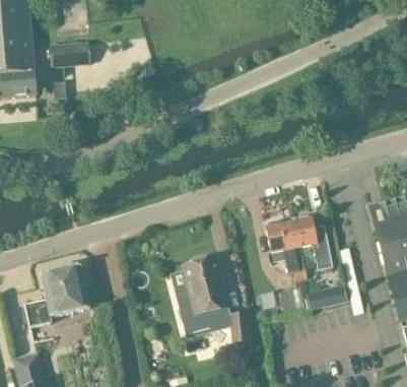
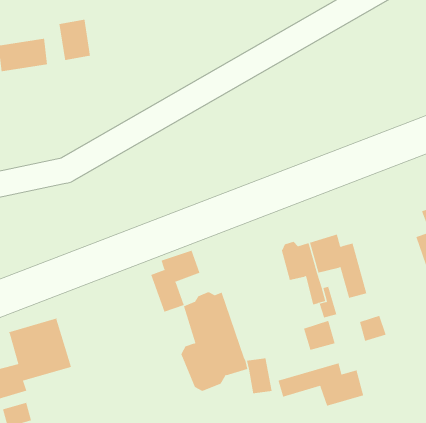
building: none -> [59,19,91,61]
building: none -> [150,250,200,313]
building: none -> [278,362,364,407]

